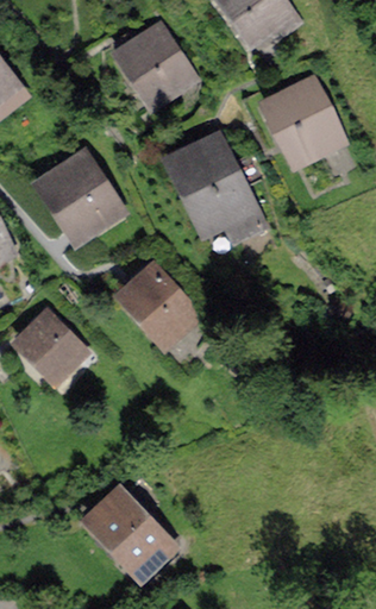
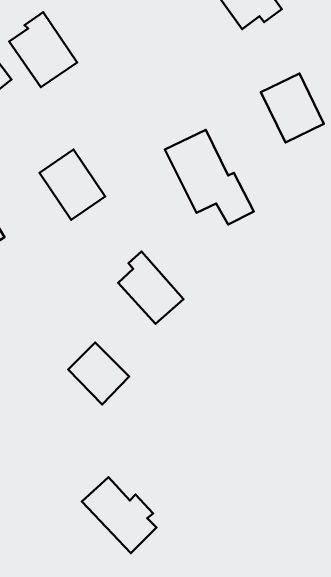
building: [123,24,192,100] -> [9,12,77,87]
building: [20,315,82,378] -> [68,342,129,404]

